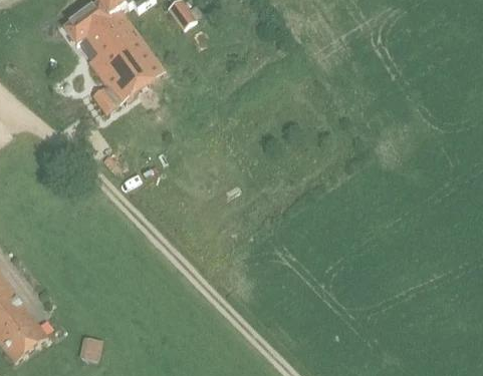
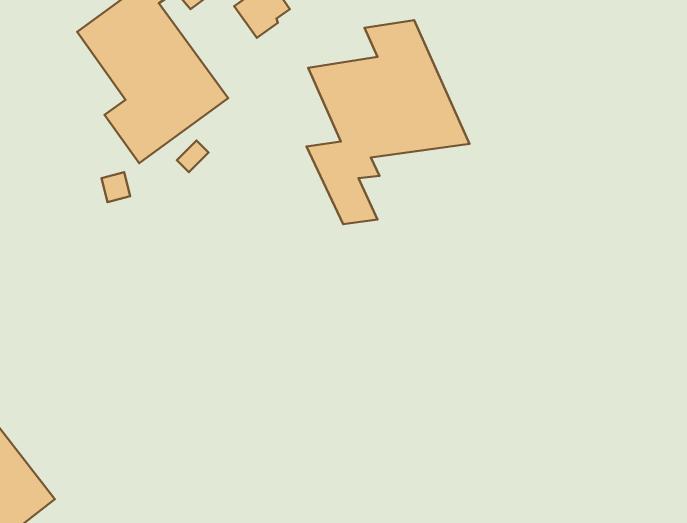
building: none -> [306,20,469,224]

